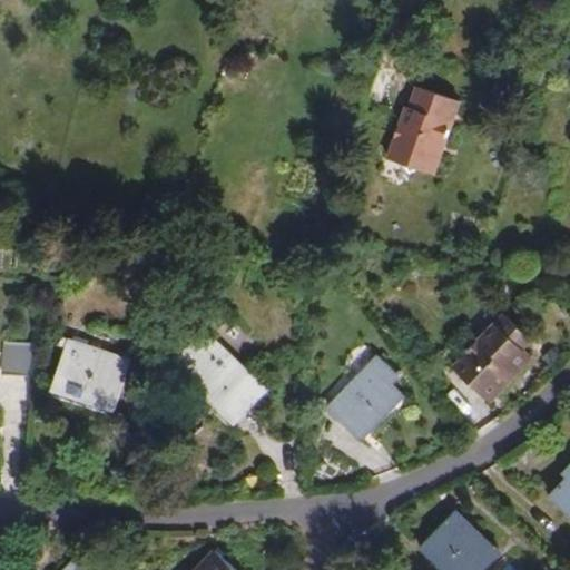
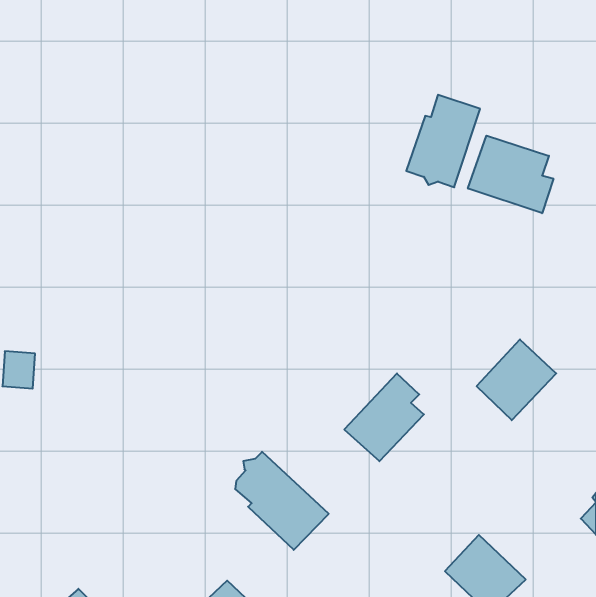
building: none -> [468,136,553,213]
building: [176,332,265,425] -> [235,452,329,550]
building: [51,340,130,411] -> none

